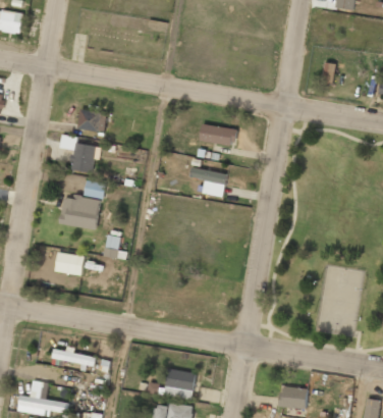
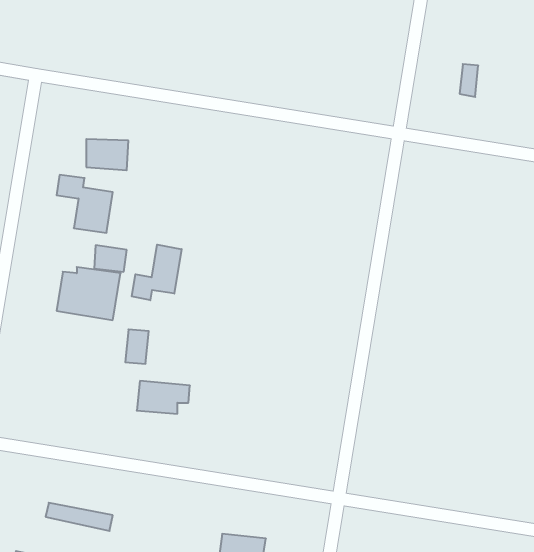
building: [199,124,235,146] -> none
building: [189,168,226,197] -> none
building: none -> [132,245,182,300]
building: [55,253,90,274] -> [137,381,190,414]

